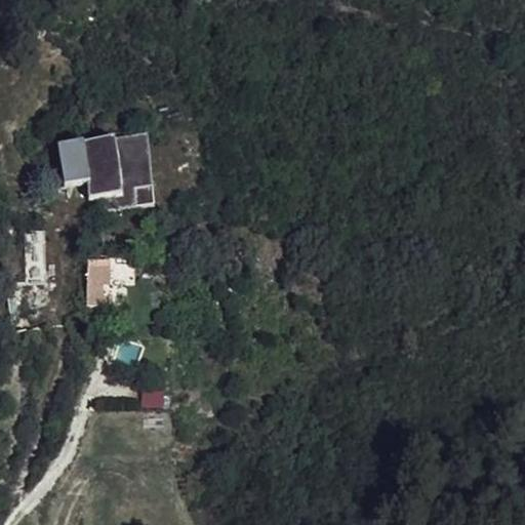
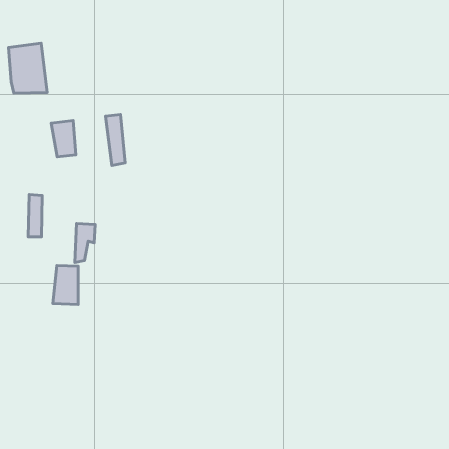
building: [85,135,130,194] -> [9,43,47,93]
building: none -> [53,266,78,305]

